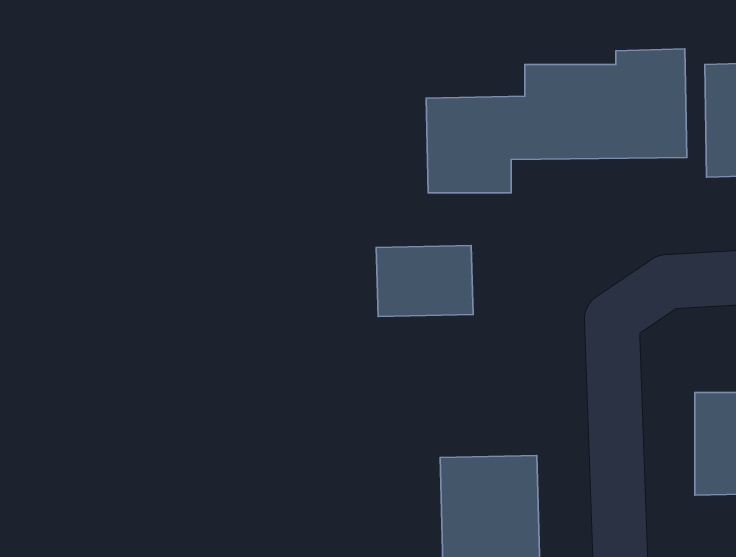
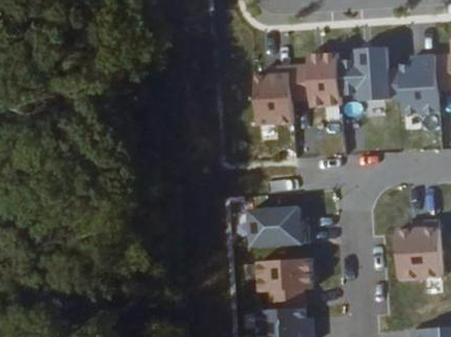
building: [376,245,473,316] -> [253,207,303,244]

